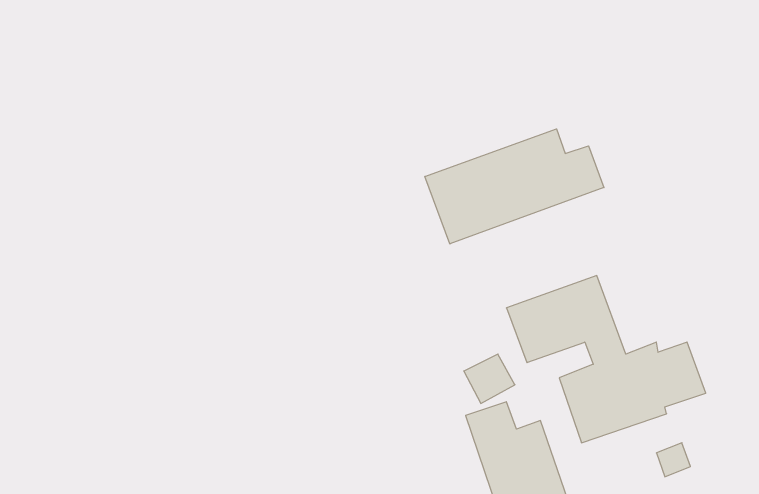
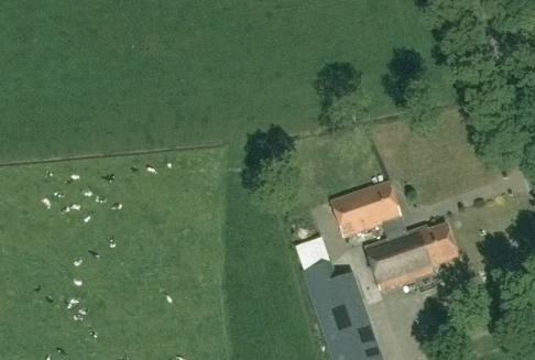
building: [425,129,604,244] -> none

